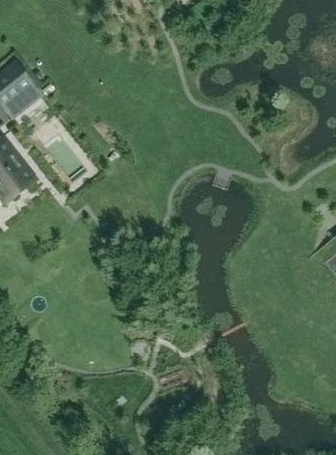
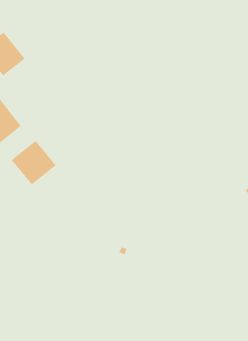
building: none -> [11,140,56,185]

